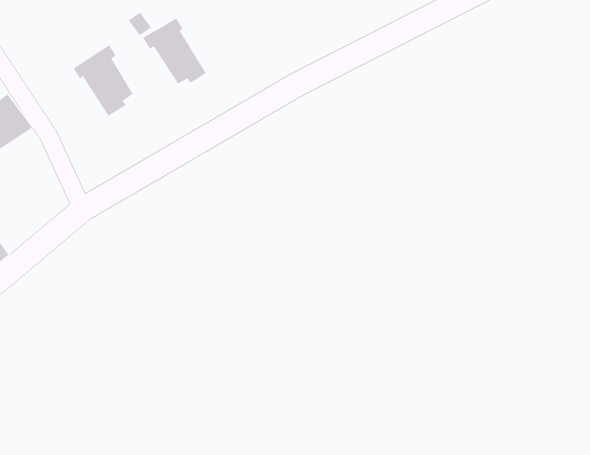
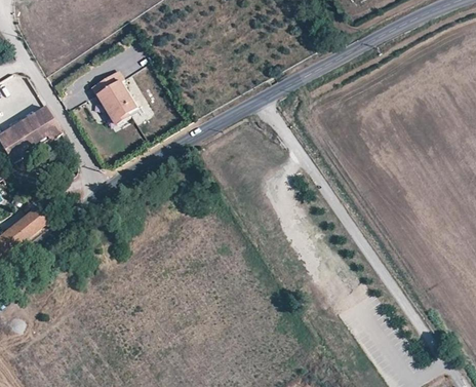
building: [142,17,206,84] -> none

